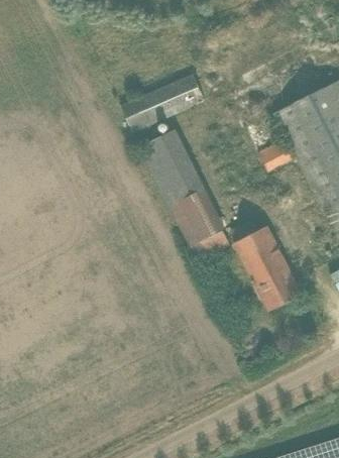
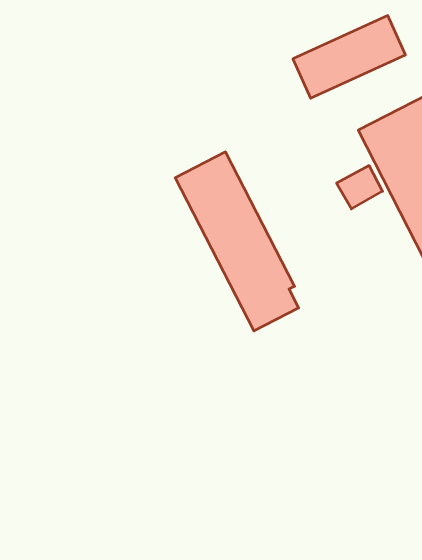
building: [121,72,205,133] -> [293,16,405,98]
building: [233,226,302,311] -> none

